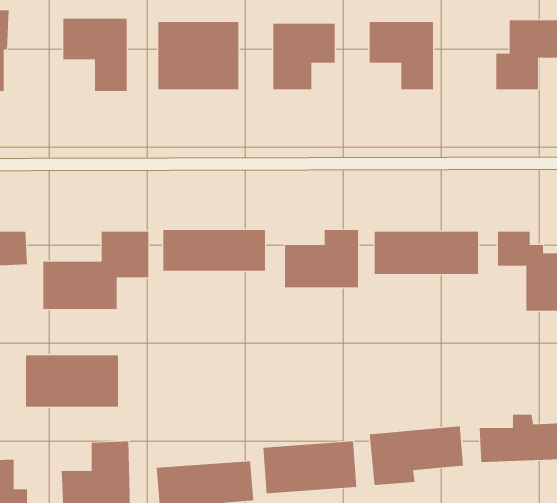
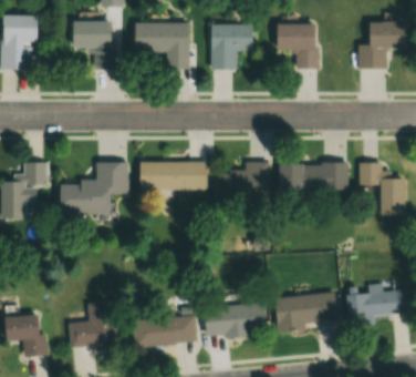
building: [26,355,119,408] -> none

